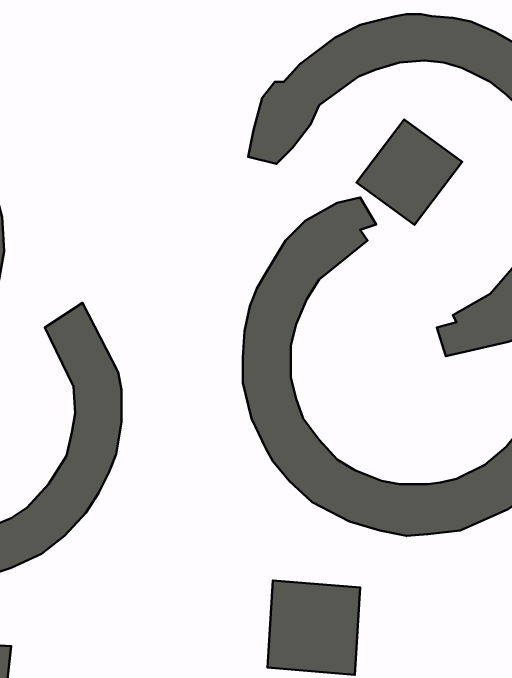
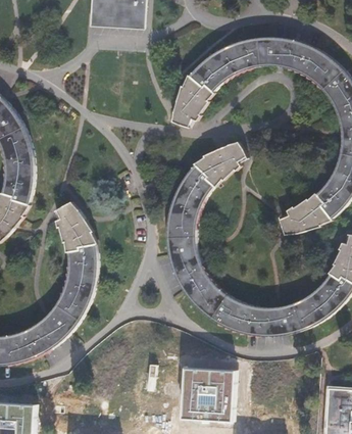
building: [356,119,462,225] -> none

